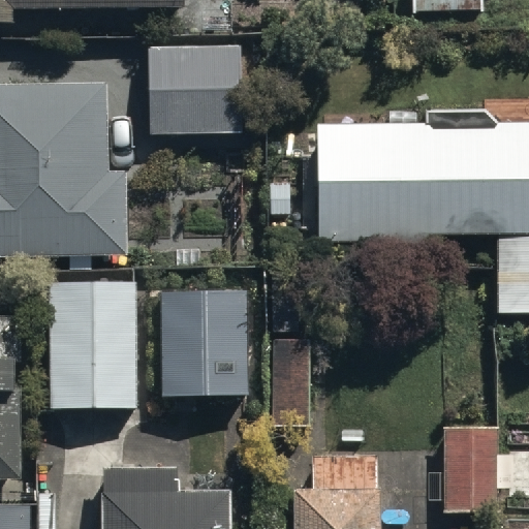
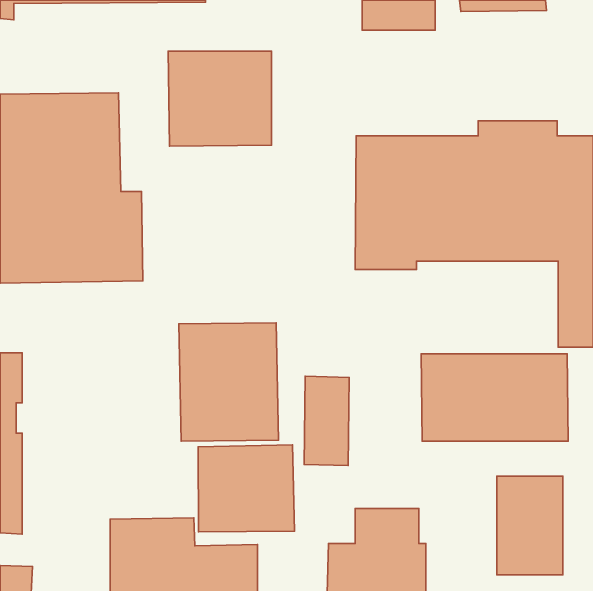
building: [49,280,135,407] -> none
building: none -> [421,354,568,441]
building: none -> [198,445,294,532]

